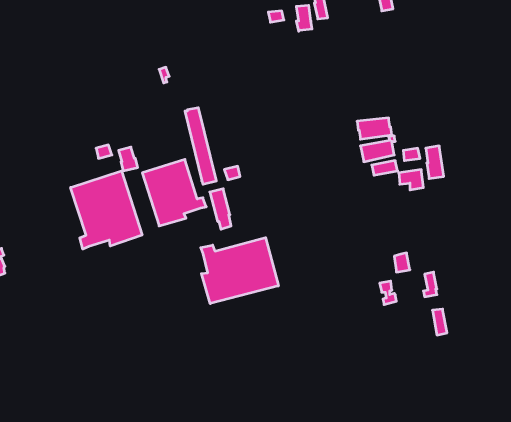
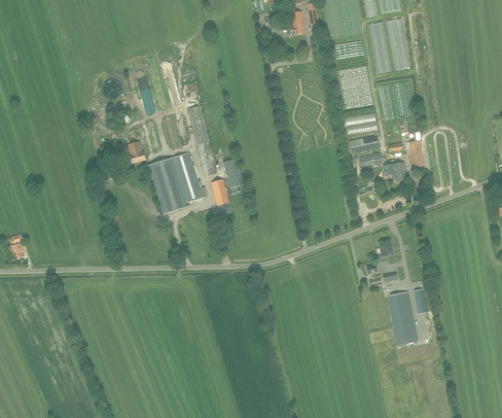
building: [71,171,142,249] -> none
building: [201,238,278,304] -> none
building: none -> [387,292,417,345]

